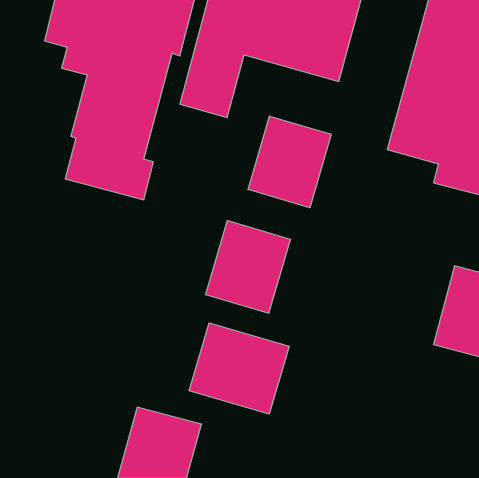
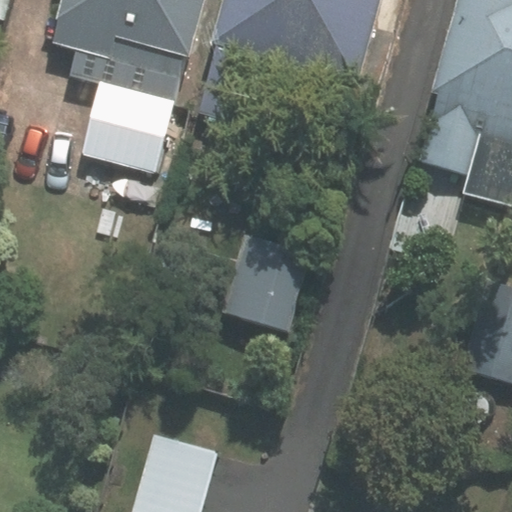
building: [248,116,331,208] -> none
building: [189,323,289,414] -> none

